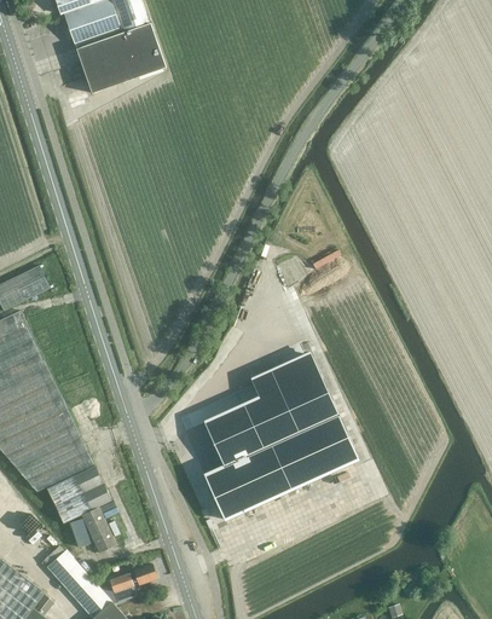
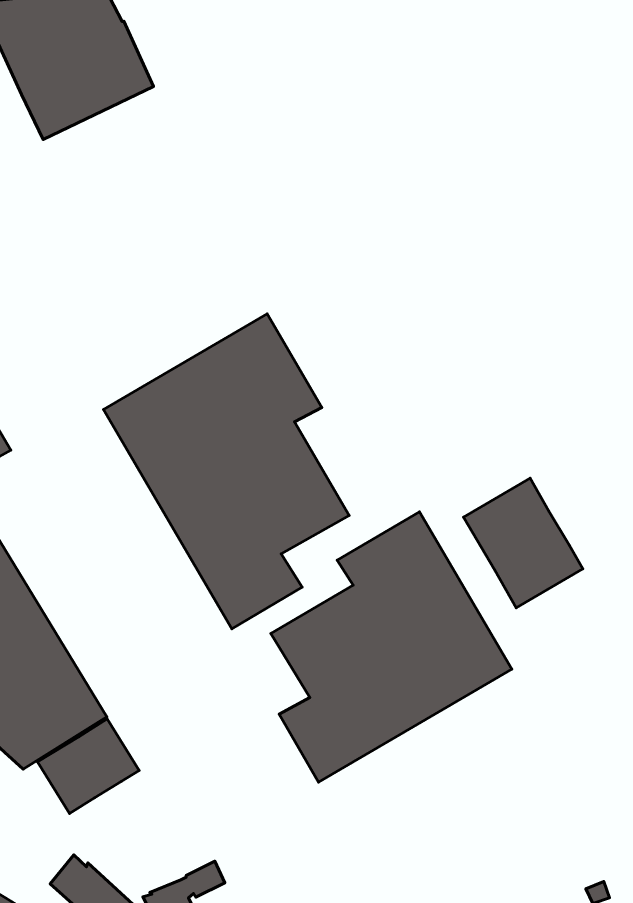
building: none -> [103,314,349,629]
building: none -> [463,478,583,608]
building: [80,507,116,553] -> none

